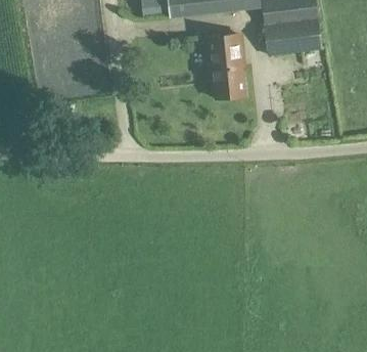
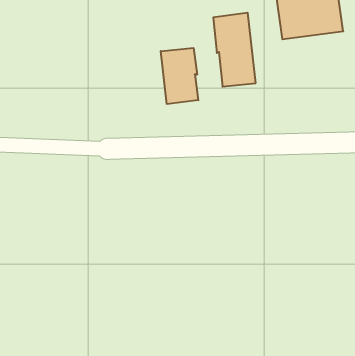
building: none -> [161,48,198,104]

